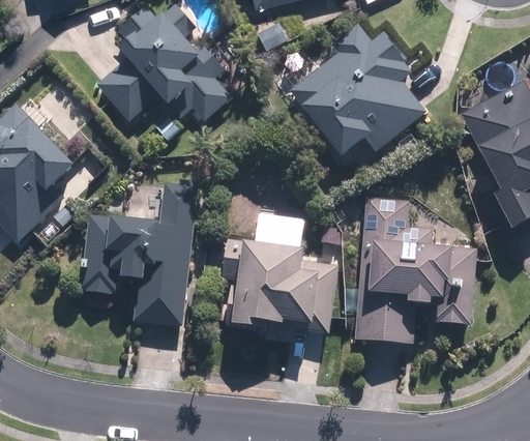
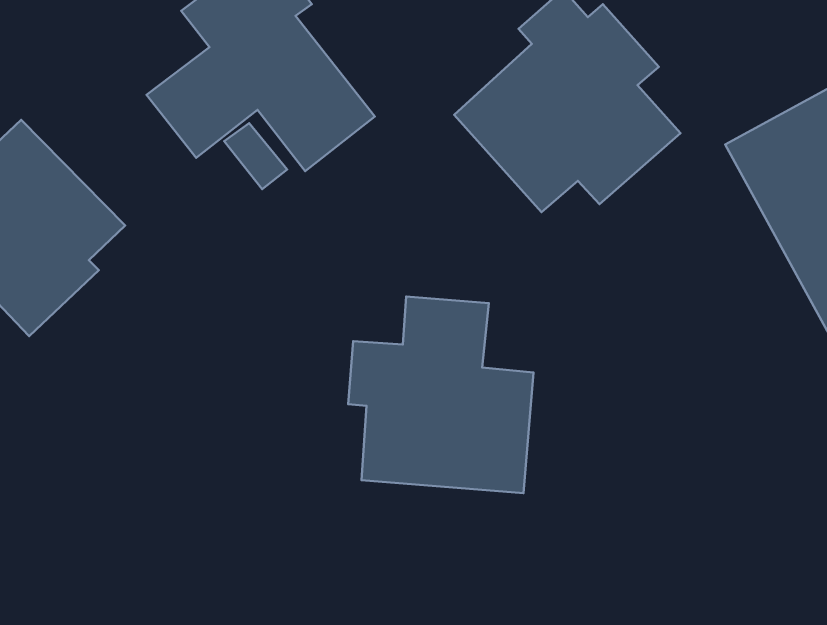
building: [80,180,197,325] -> none
building: [355,203,472,342] -> none

